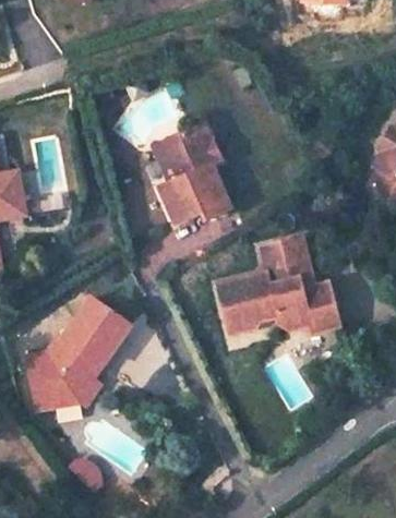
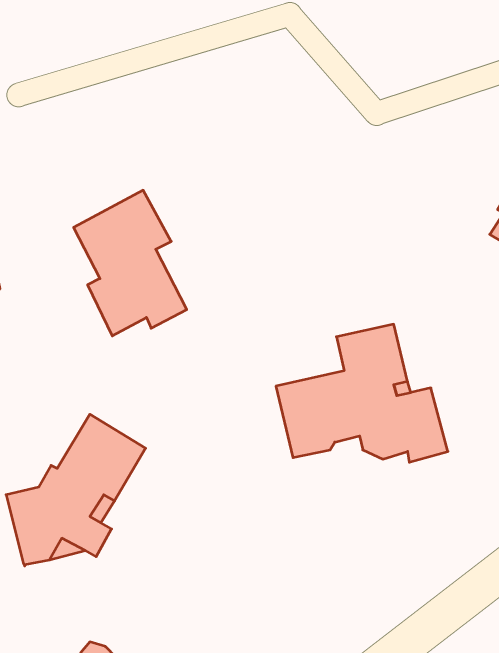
building: [149,125,229,228] -> [74,190,187,336]

